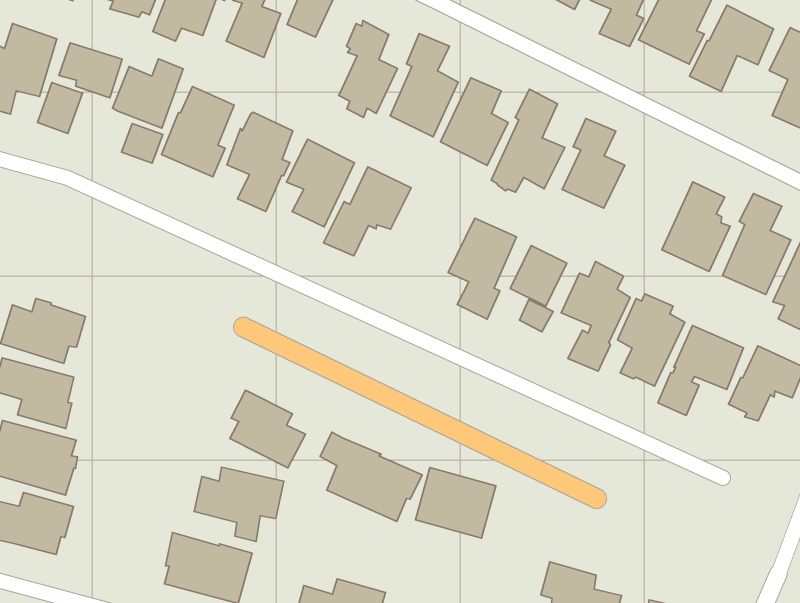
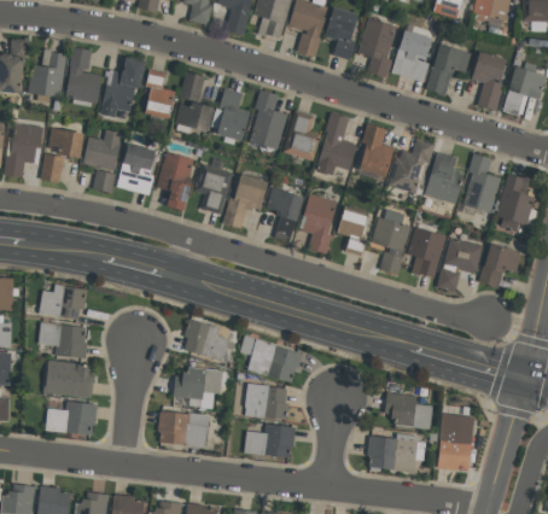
building: none -> [171,100,210,132]
building: none -> [387,138,436,193]
building: none -> [267,187,304,241]
building: [416,467,496,538] -> [240,382,285,420]

